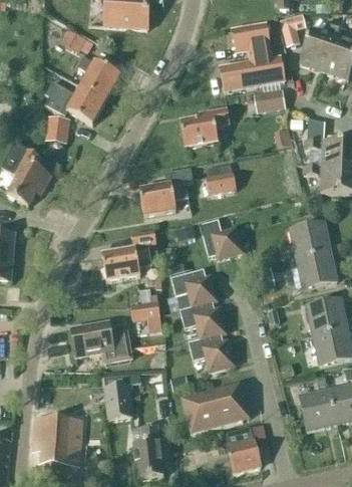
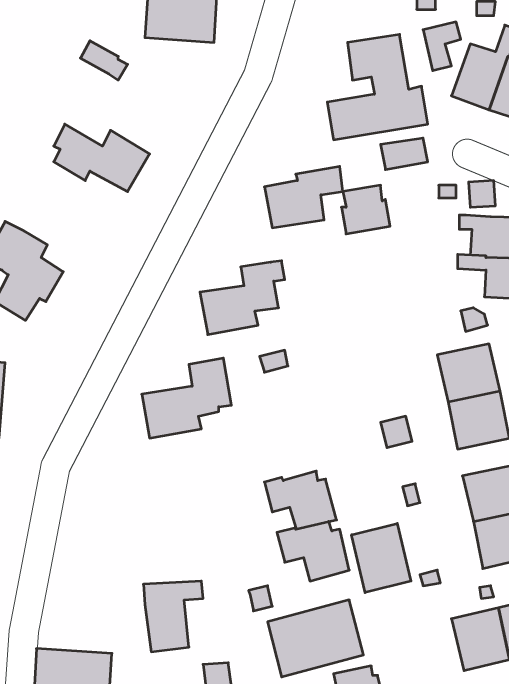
building: [78,56,120,99] -> none
building: [45,114,70,142] -> none
building: [205,162,236,193] -> [341,185,390,234]
building: [200,220,243,259] -> none
building: [170,269,217,308] -> none
building: [129,293,161,330] -> none
building: [70,321,130,362] -> none
building: none -> [352,523,411,593]

